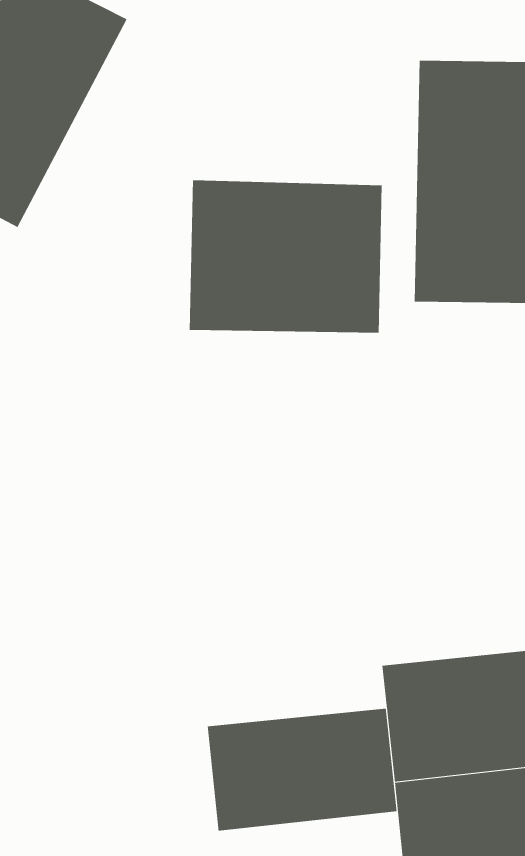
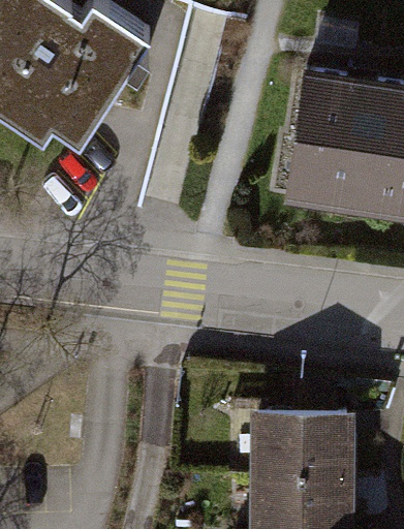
building: [189,179,382,334] -> none
building: [207,708,397,831] -> none

